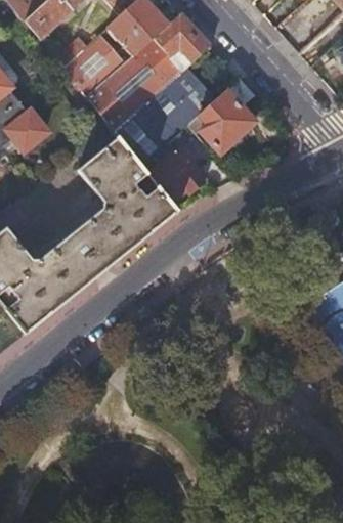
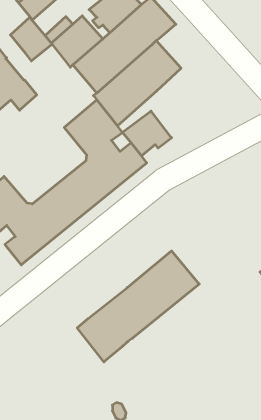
building: none -> [10,17,52,61]
building: [200,78,255,152] -> none
building: none -> [77,251,199,362]

